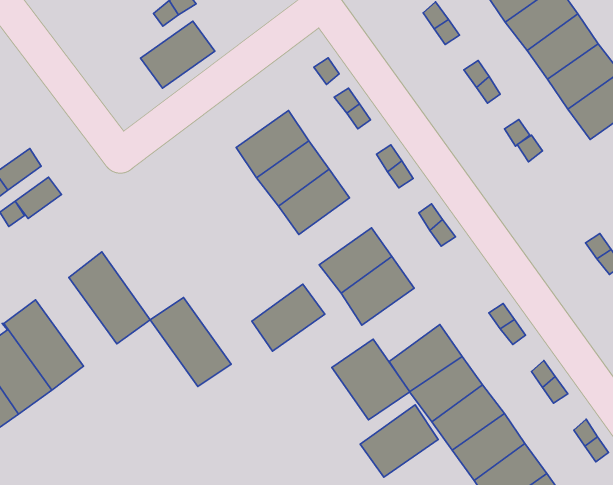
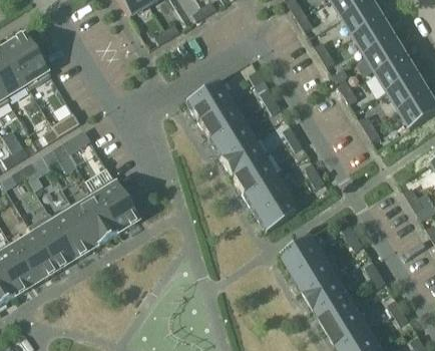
building: [140,21,215,88] -> [184,80,230,119]
building: [252,284,325,351] -> [231,154,275,194]
building: [150,298,231,387] -> [69,191,116,245]
building: [332,339,410,420] -> none
building: [360,405,438,477] -> none

